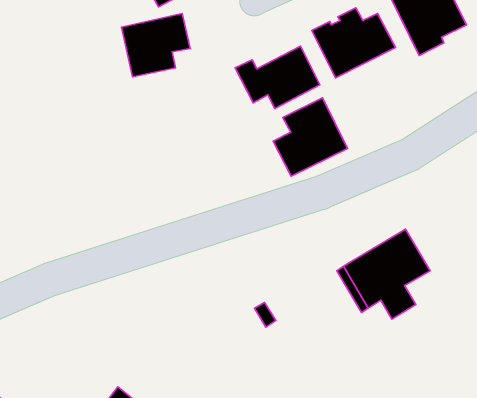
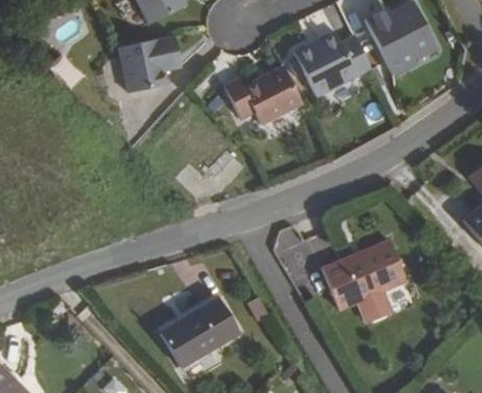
building: [273,98,348,176] -> none
building: none -> [148,298,227,368]

